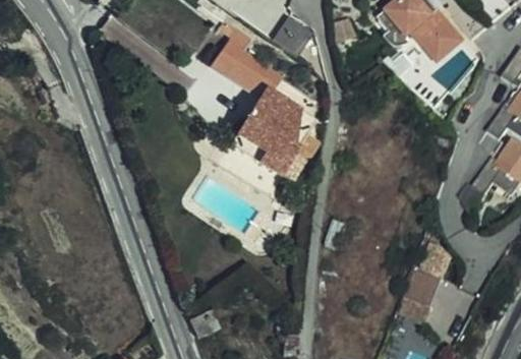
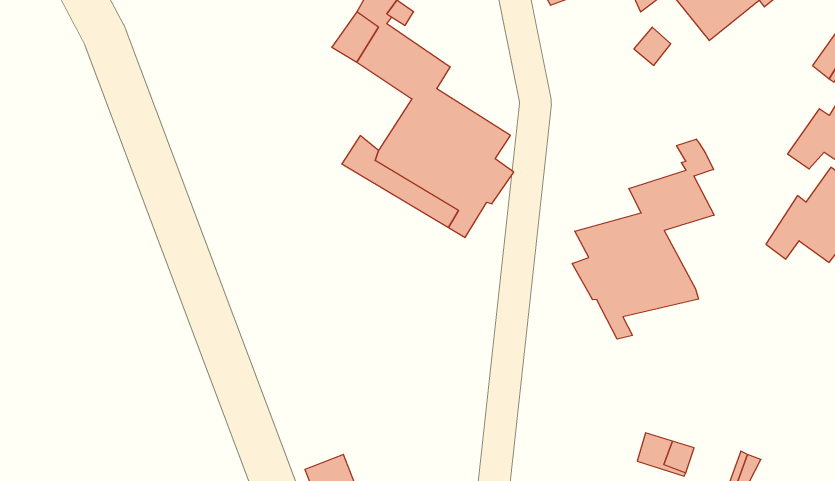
building: none -> [572,139,714,339]

